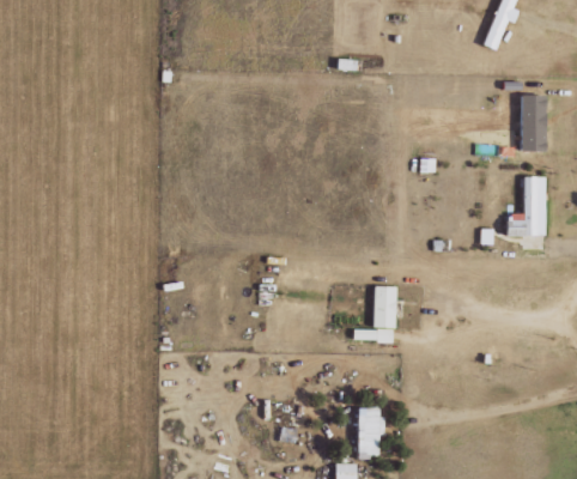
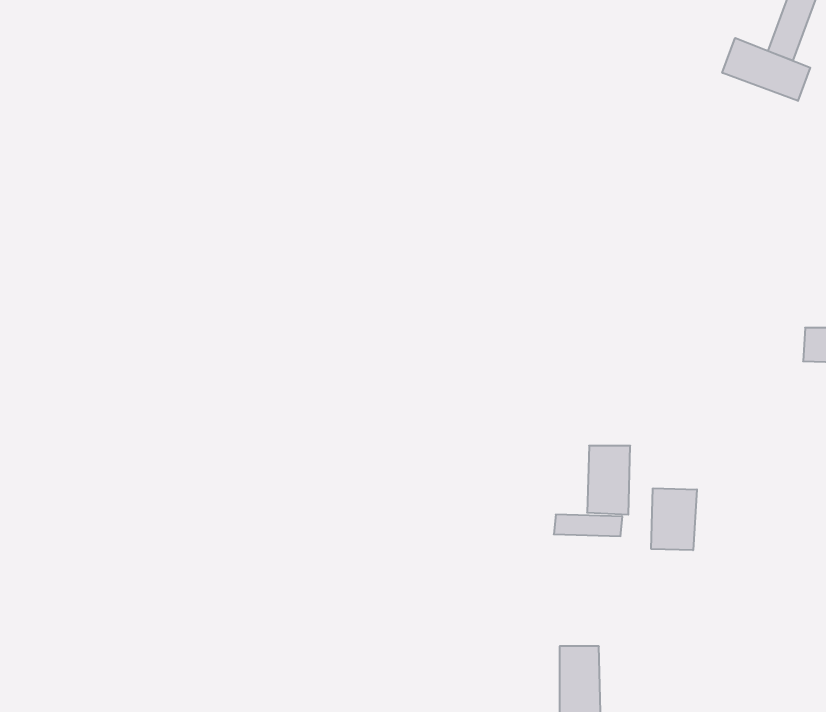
building: none -> [722,38,810,101]
building: none -> [651,488,697,550]

